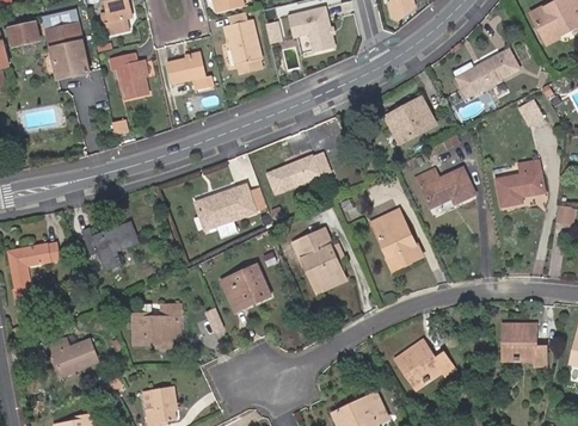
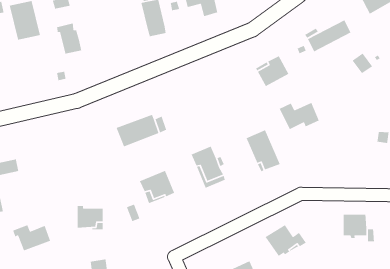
building: [165,58,210,92] -> none
building: [264,154,327,193] -> none
building: [497,159,546,204] -> none
building: [79,222,139,270] -> none

